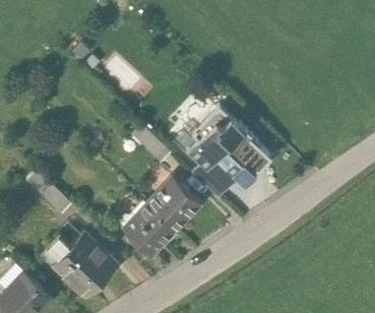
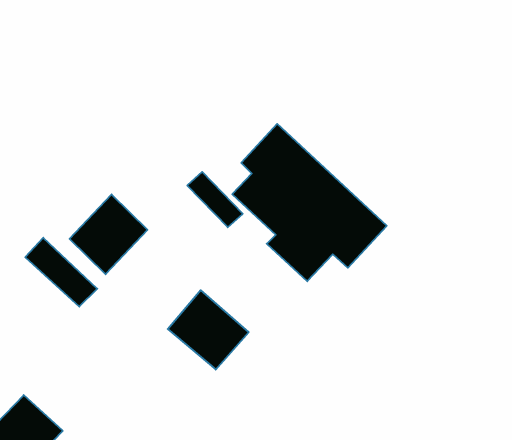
building: none -> [70,194,147,274]
building: [143,178,198,232] -> none
building: [51,233,114,296] -> none

